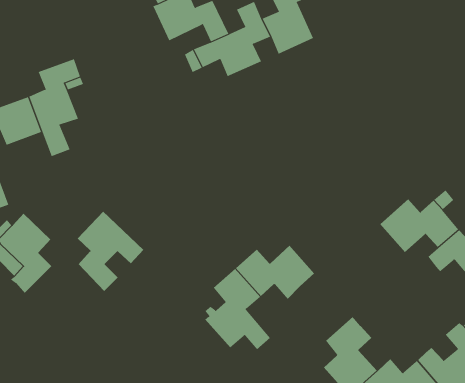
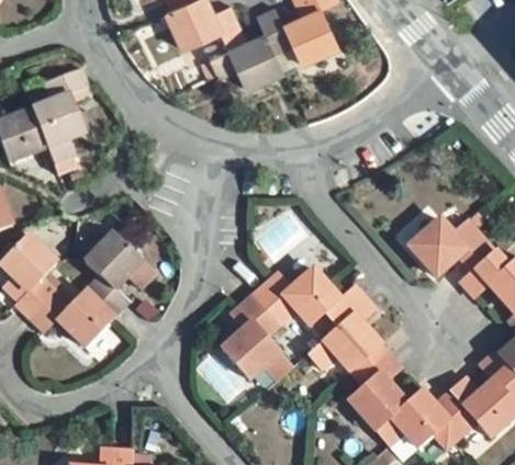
building: none -> [307,285,380,371]
building: none -> [27,288,113,348]

